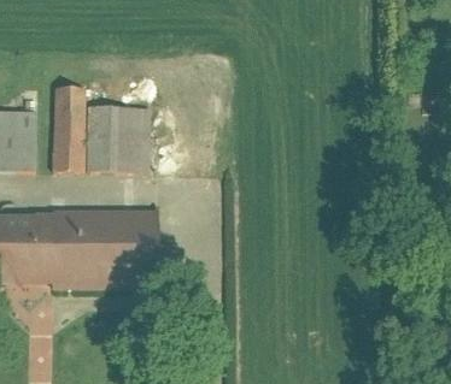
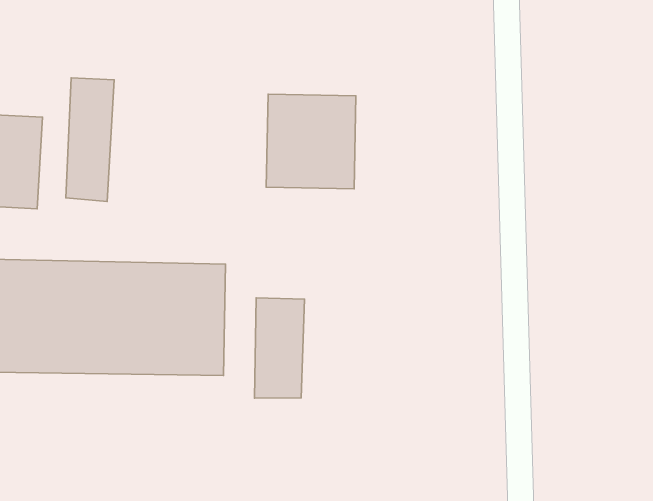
building: [89,106,150,170] -> [266,94,356,189]
building: none -> [255,298,305,398]

